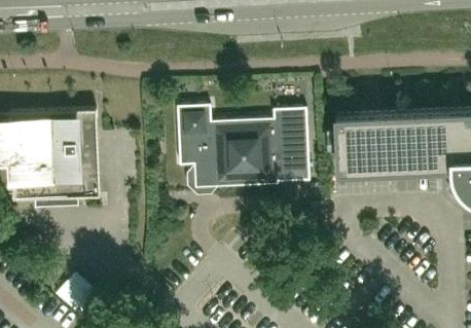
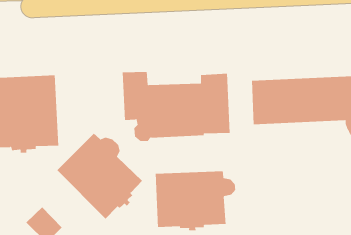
building: none -> [56,133,143,219]
building: none -> [155,171,236,231]

